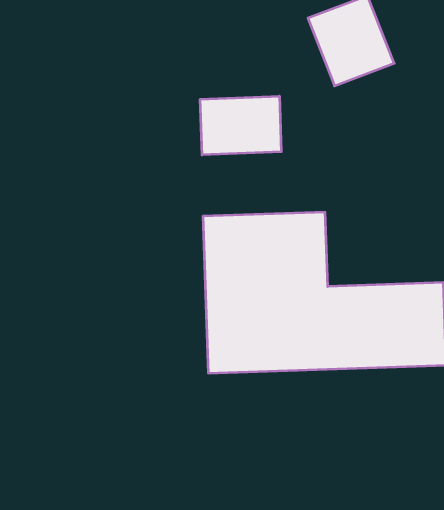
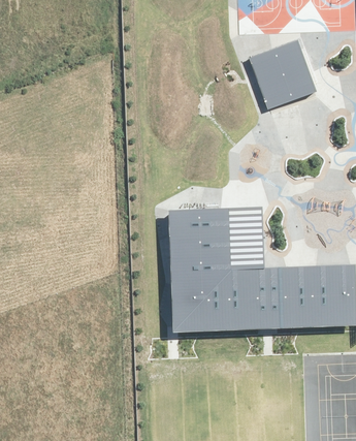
building: [200,96,281,155] -> none

